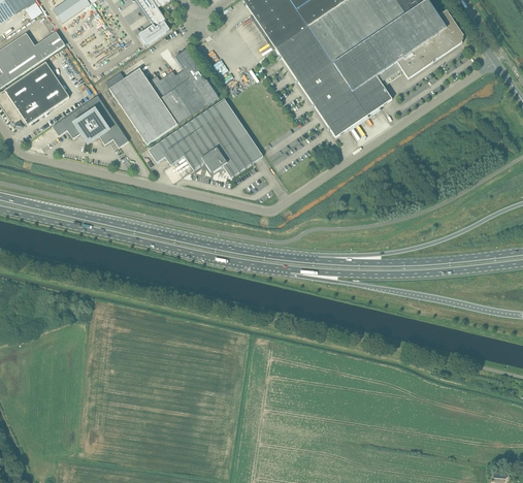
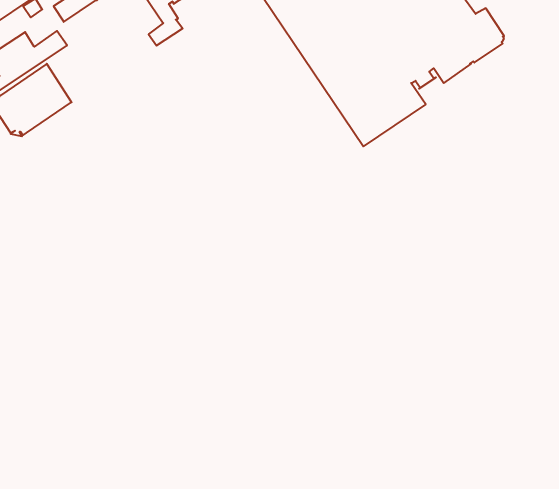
building: [104,47,218,143] -> none
building: [52,94,128,146] -> none
building: [148,97,262,176] -> none

